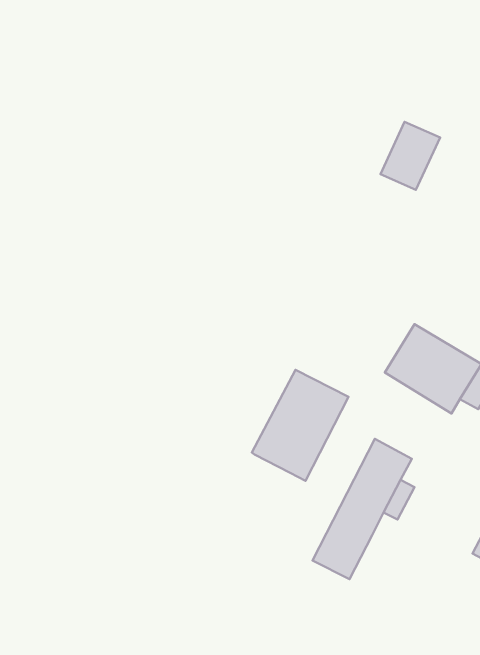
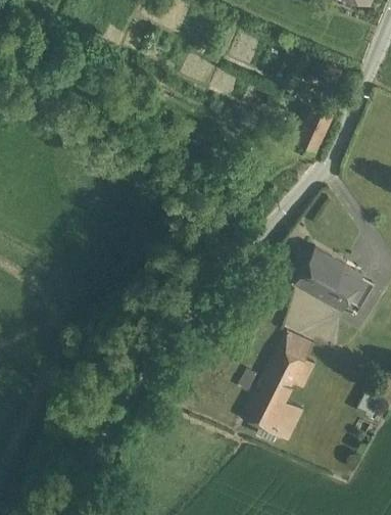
building: [252,370,349,481] -> none
building: none -> [267,400,302,440]

